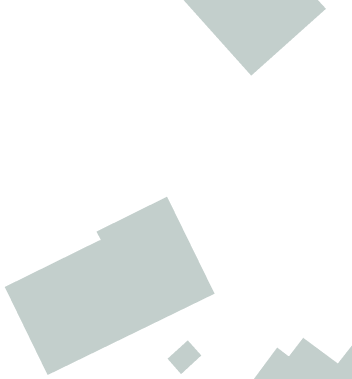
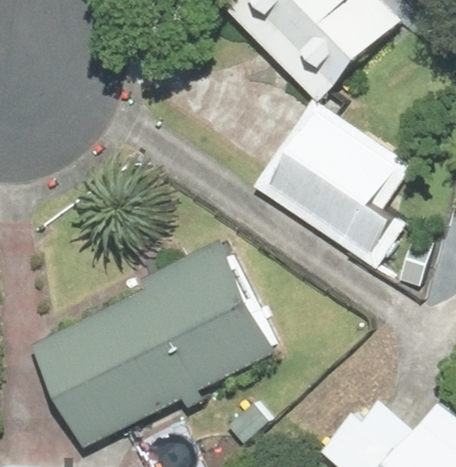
building: none -> [253,99,410,269]

